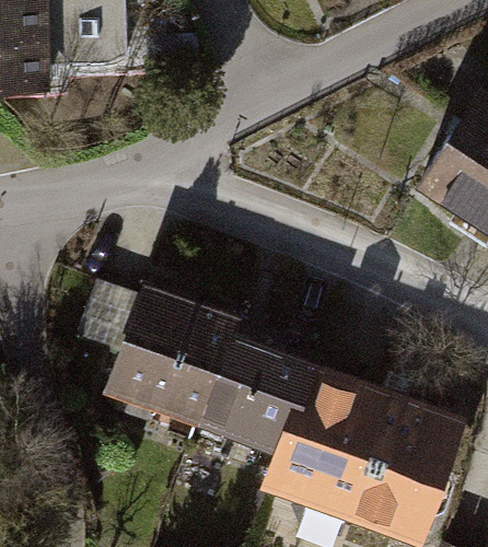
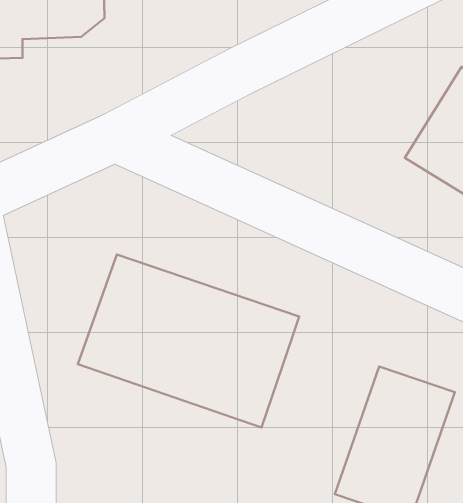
building: [267,366,396,522] -> none

